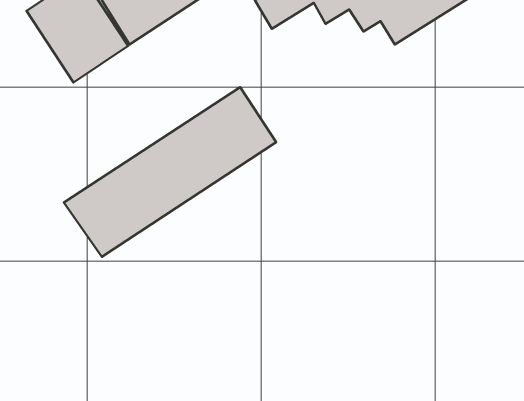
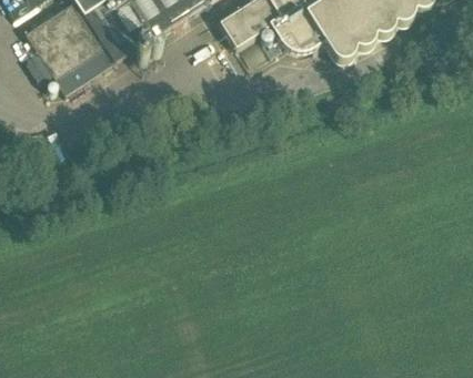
building: [64,87,276,257] -> none

